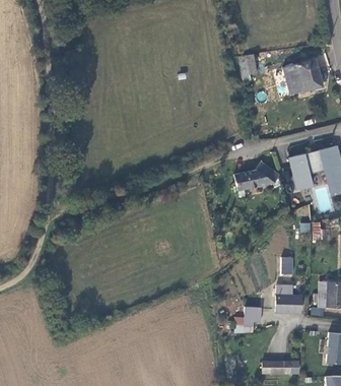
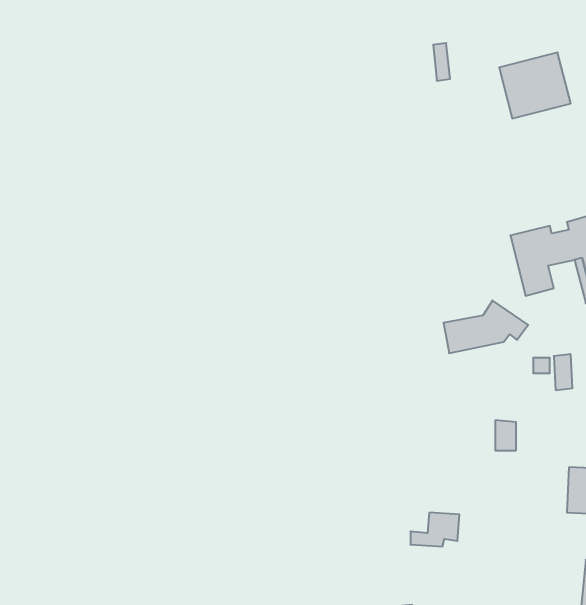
building: [234,162,280,190] -> [443,300,528,353]
building: [276,284,301,313] -> none

